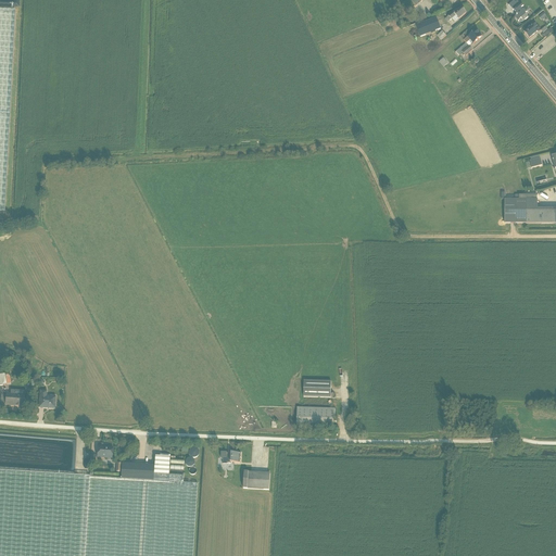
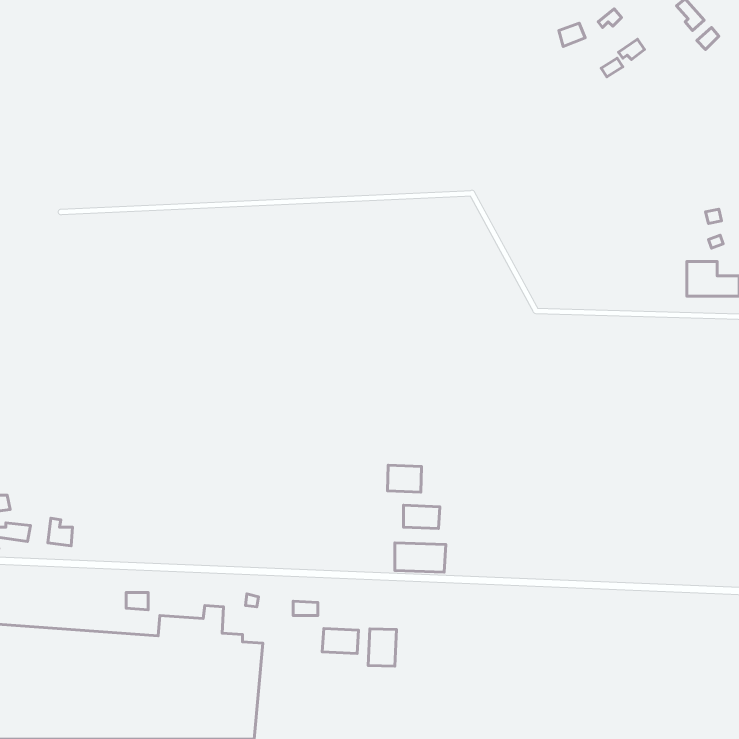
building: none -> [388,465,422,492]
building: none -> [368,629,396,666]

